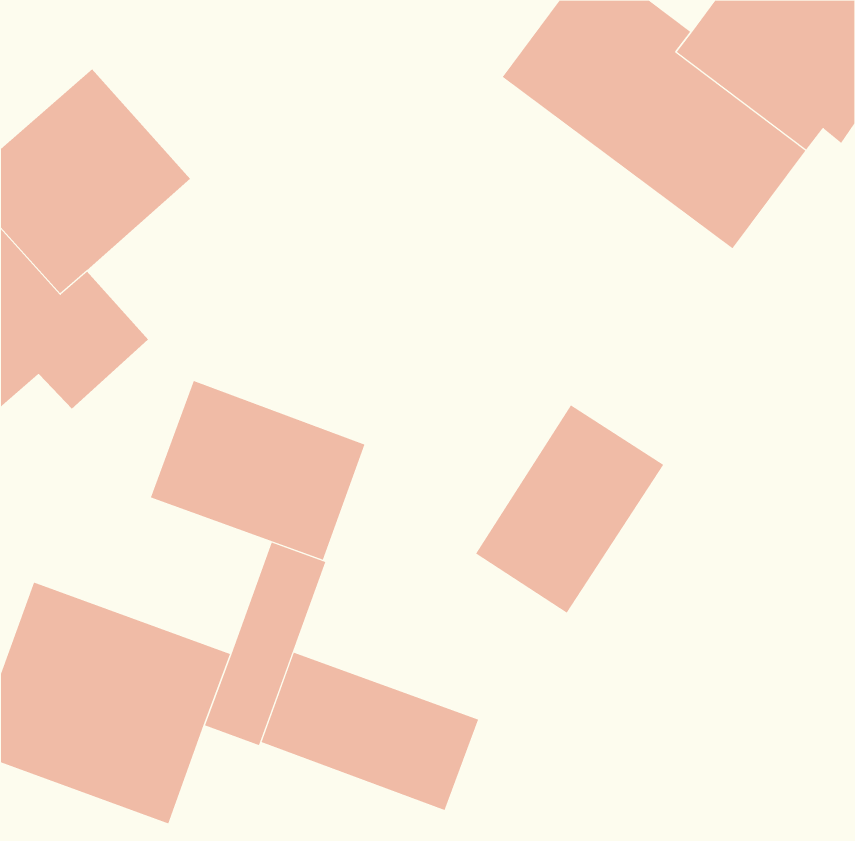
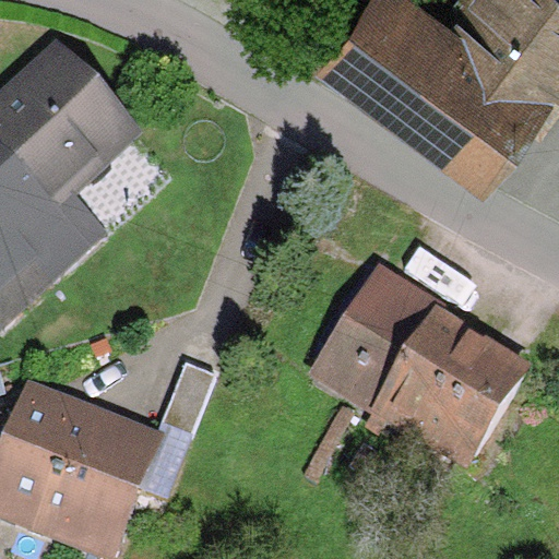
building: [150,380,365,561] -> none
building: none -> [361,312,524,467]
building: [261,652,479,811] -> none

